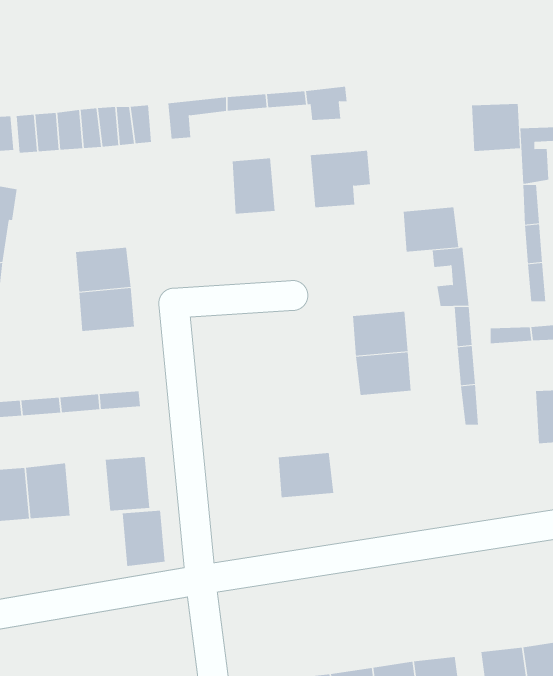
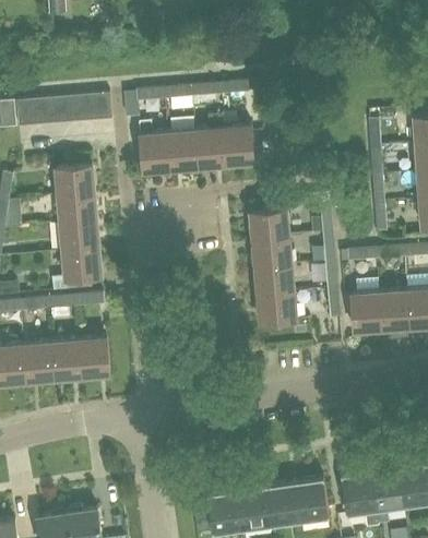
building: [471,103,521,152] -> none
building: none -> [194,116,225,168]
building: none -> [138,122,169,172]
building: none -> [55,165,94,196]
building: [403,207,459,252] -> [249,210,288,241]
building: none -> [62,249,102,280]
building: none -> [350,294,381,333]
building: [278,452,334,498] -> [257,294,296,325]
building: [122,510,166,566] -> [51,342,82,381]

